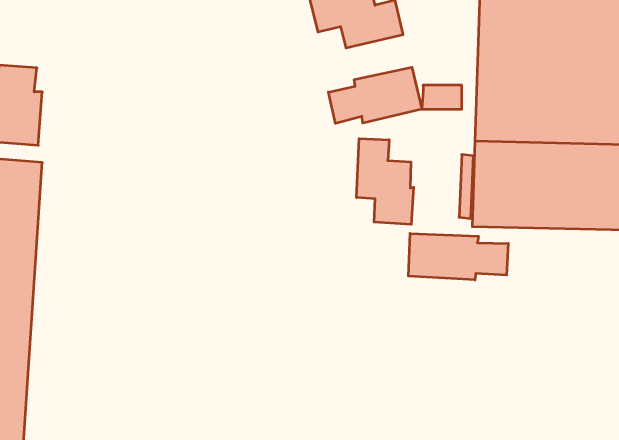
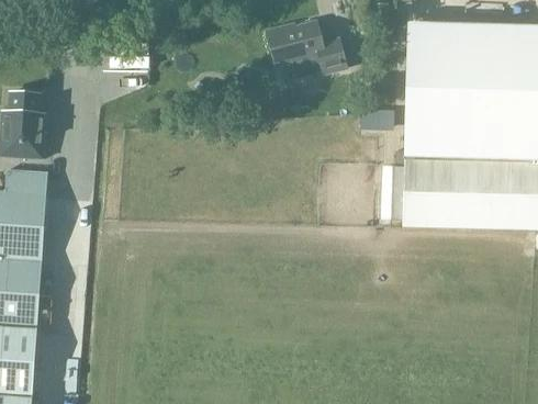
building: [328,67,422,123] -> none
building: [357,139,414,224] -> none
building: [408,233,508,280] -> none

